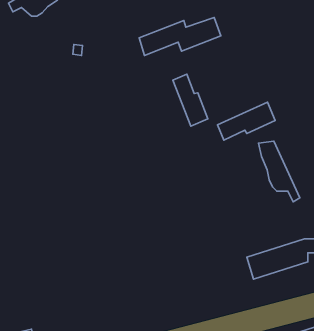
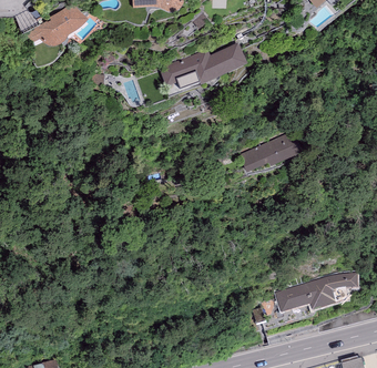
building: [173,74,208,126] -> none
building: [258,141,300,202] -> none

